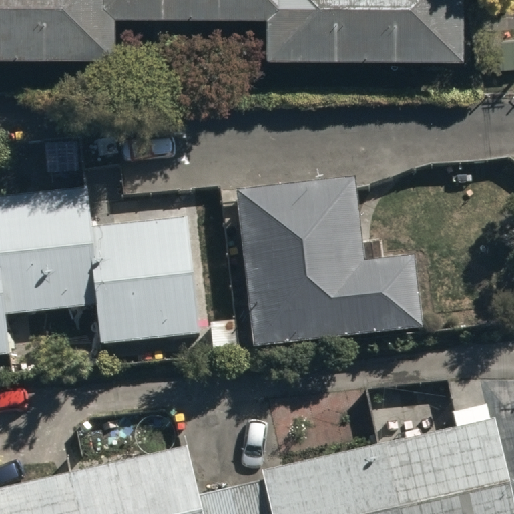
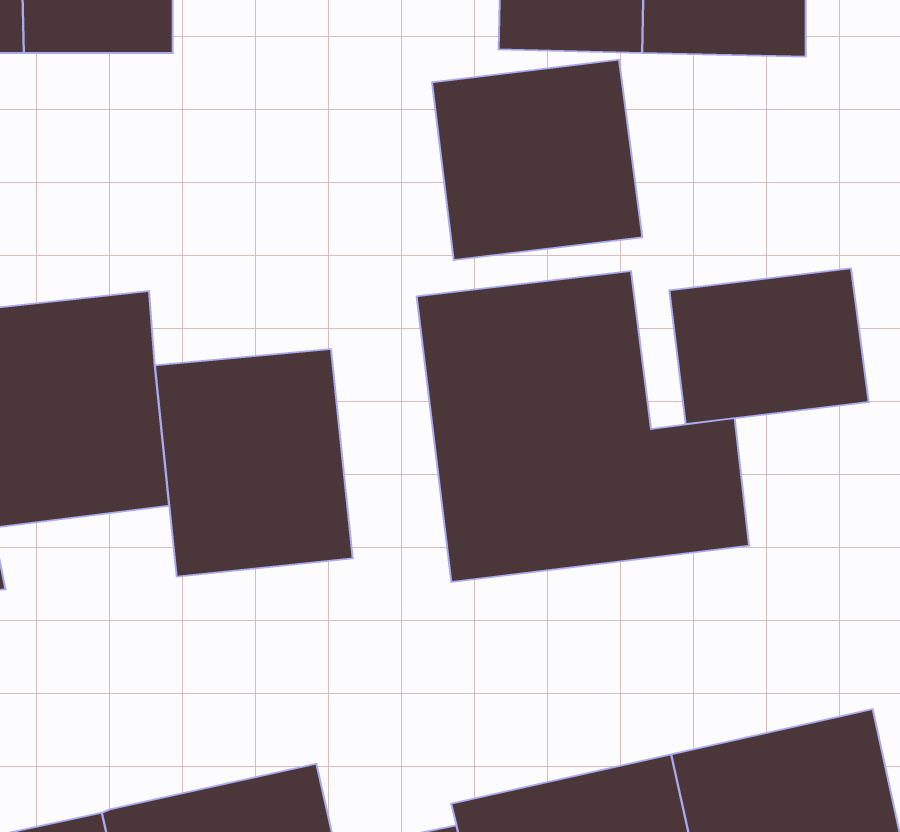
building: none -> [432,60,642,260]
building: none -> [670,268,869,424]

